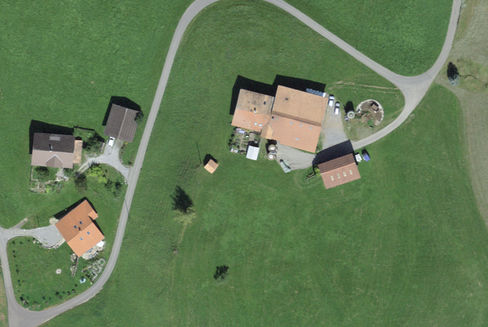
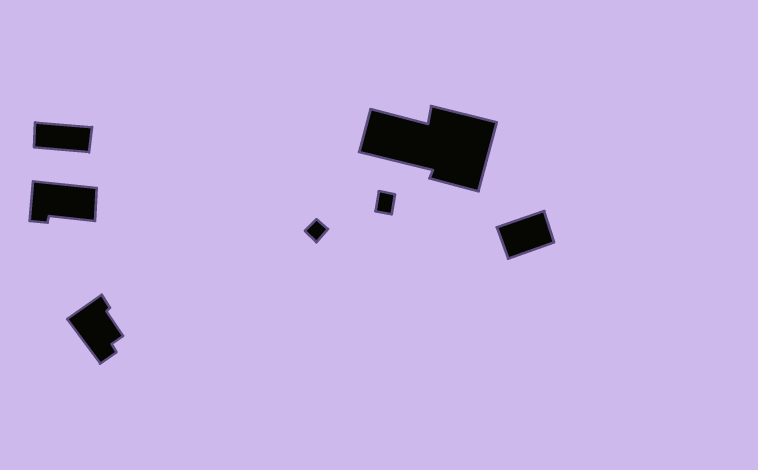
building: none -> [34,122,92,152]
building: [107,106,134,136] -> none

